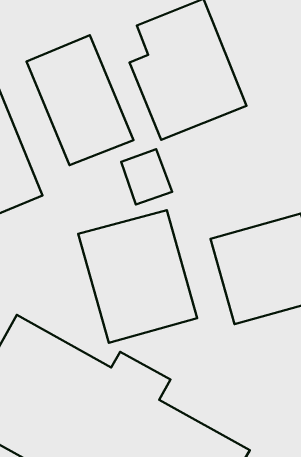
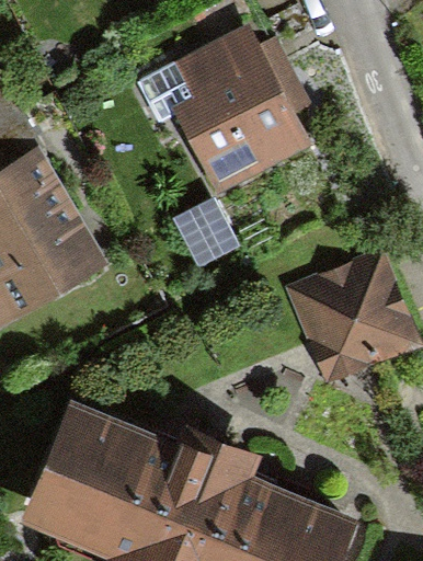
building: [27,35,133,165] -> none
building: [78,210,197,343] -> none

